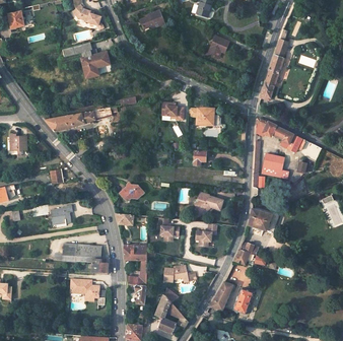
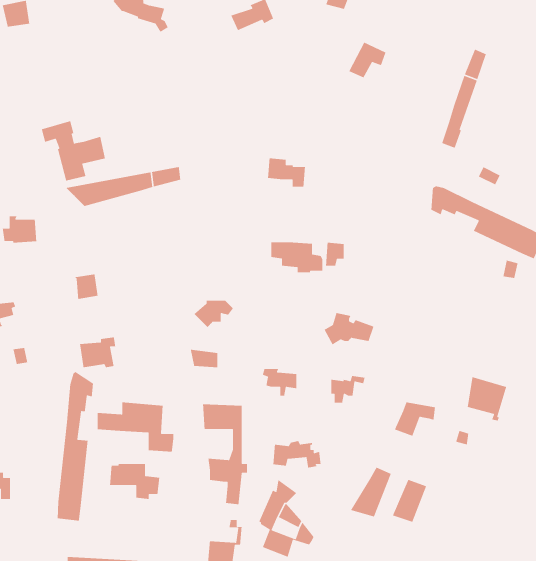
building: [72,42,110,77] -> [41,120,106,182]
building: [188,107,218,125] -> [271,242,323,273]
building: [261,153,288,179] -> none
building: [248,207,271,233] -> [467,376,507,422]
building: none -> [57,371,94,522]

